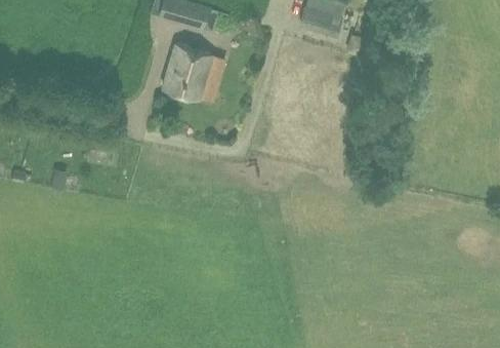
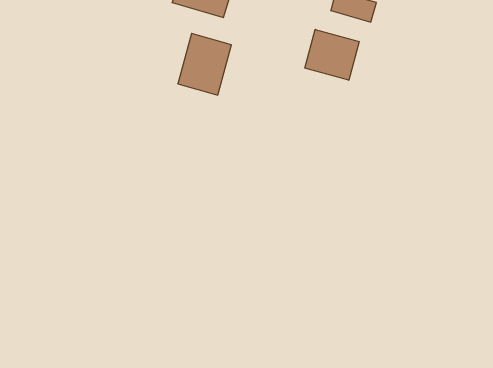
building: none -> [305,29,359,80]

